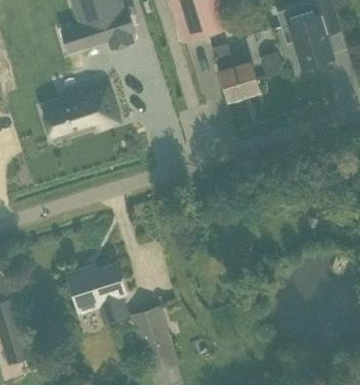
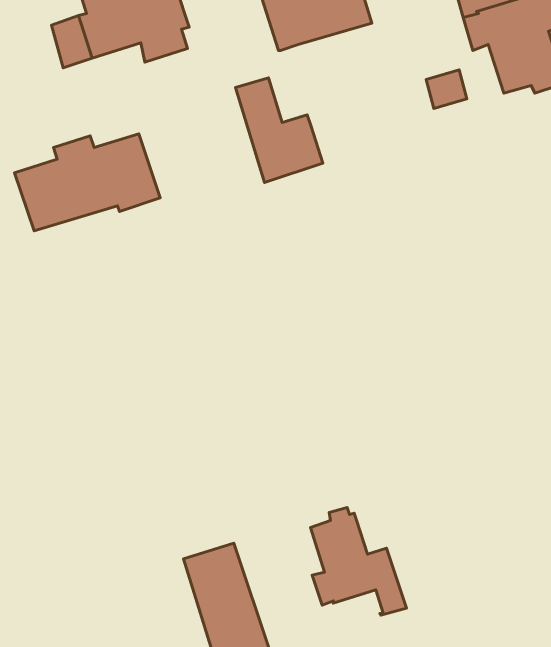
building: [212,42,259,98] -> [235,78,323,183]
building: [67,263,130,323] -> none
building: none -> [310,507,406,615]

